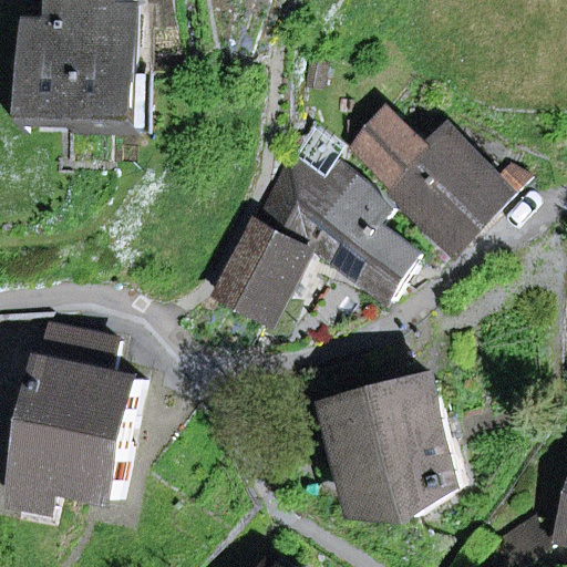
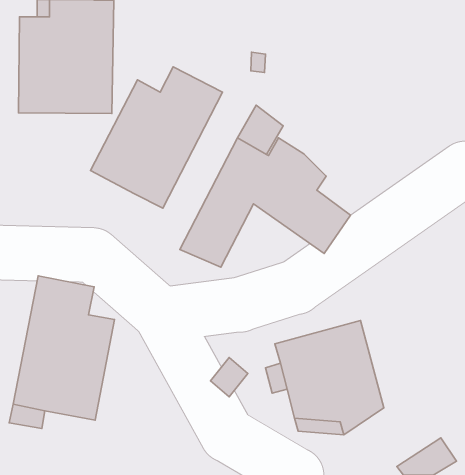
building: none -> [90,67,223,208]
building: [347,112,523,243] -> none

